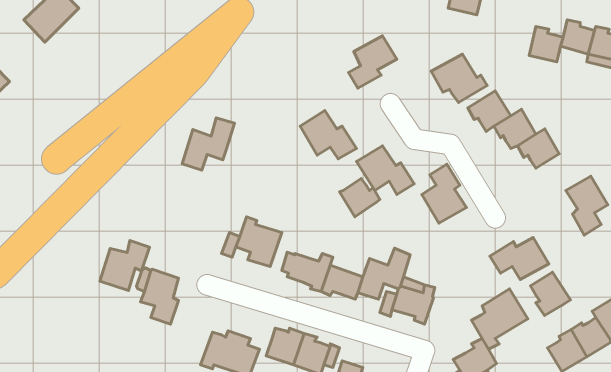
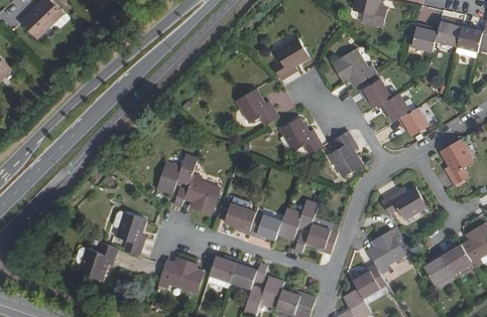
building: [182,118,235,170] -> [159,148,200,188]
building: [339,178,380,217] -> none
building: [100,241,149,290] -> [77,243,115,281]
building: [531,272,570,316] -> none

